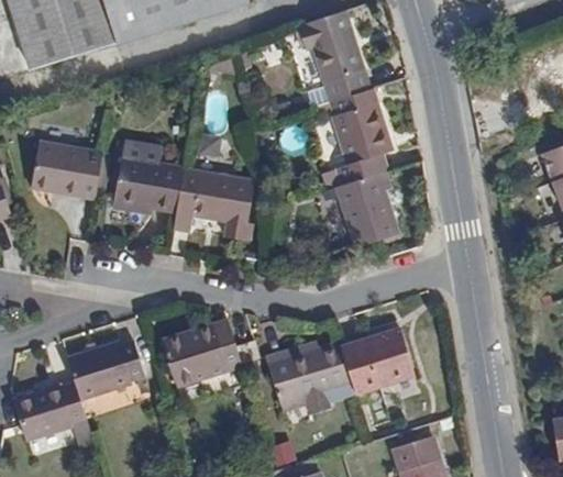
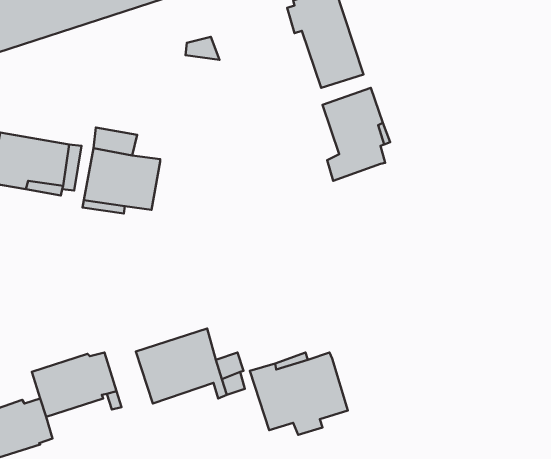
building: [173,167,254,240] -> none
building: [333,169,397,247] -> none
building: [340,328,413,395] -> none

